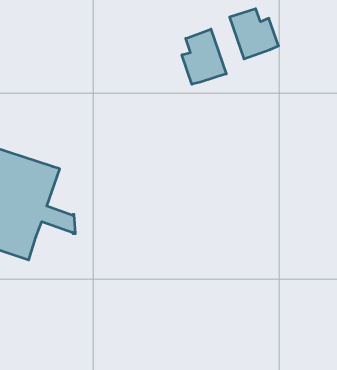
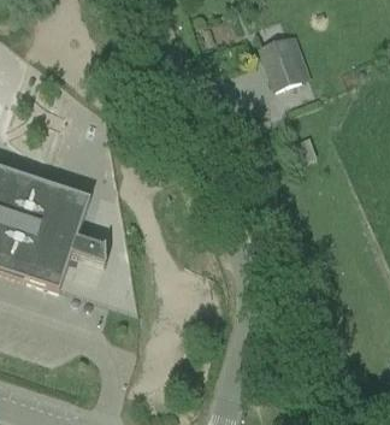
building: [182,29,226,84] -> none

